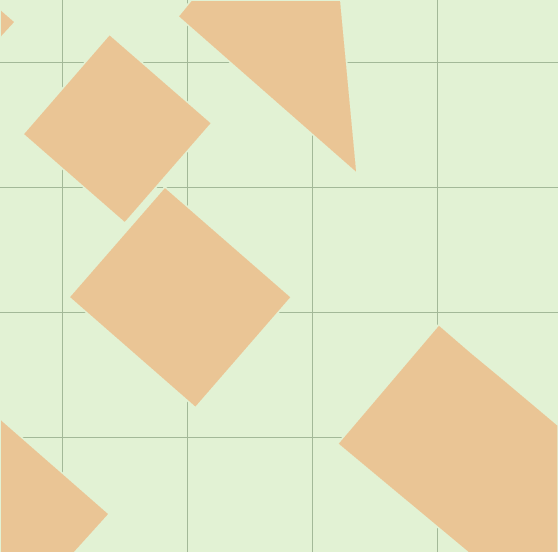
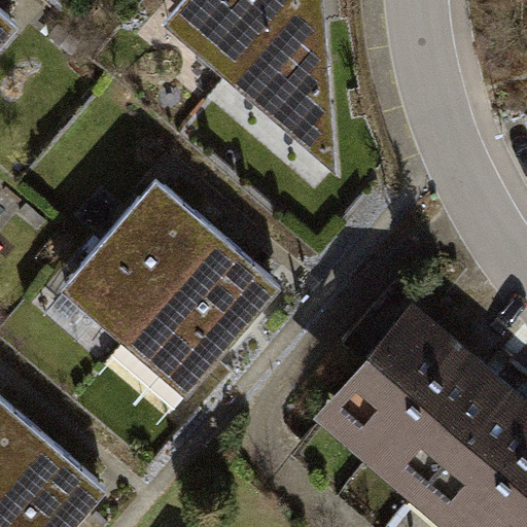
building: [23,34,212,223] -> none

